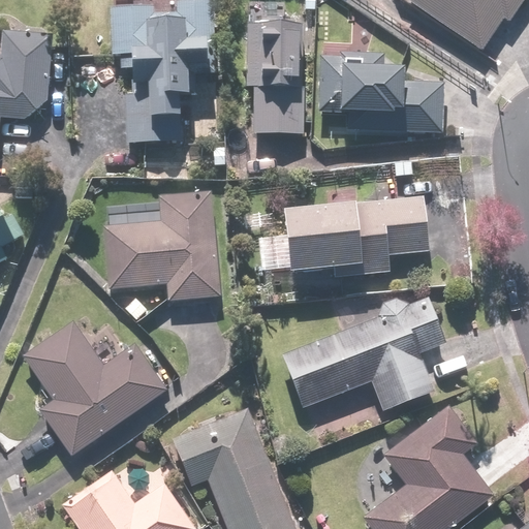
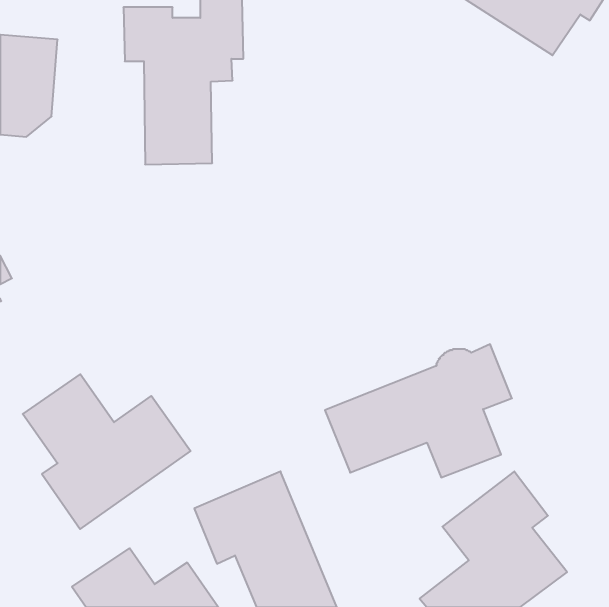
building: [245,23,301,133] -> none
building: [317,53,442,131] -> none
building: [105,193,218,300] -> none
building: [280,199,427,280] -> none

